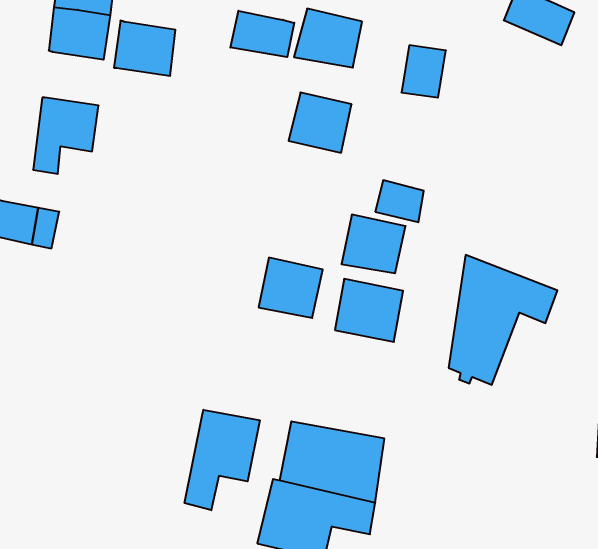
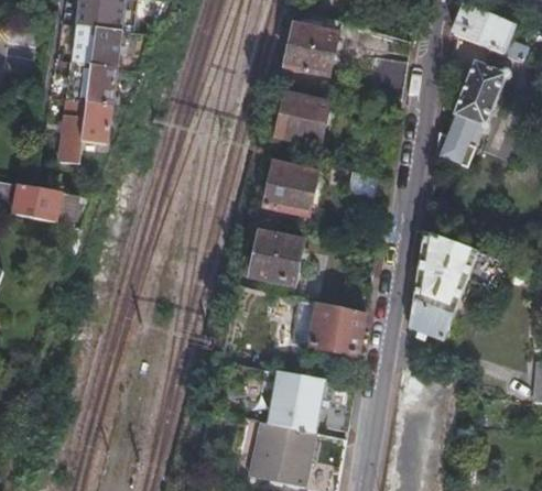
building: [230,11,294,57] -> none
building: [114,21,175,76] -> [67,58,119,105]
building: none -> [435,58,507,165]
building: [341,214,406,273] -> [263,164,317,214]
building: [335,279,403,342] -> [310,302,367,354]
building: [185,410,260,510] -> none

